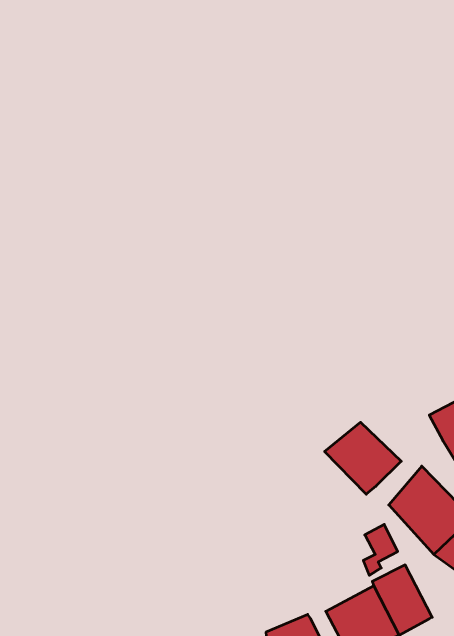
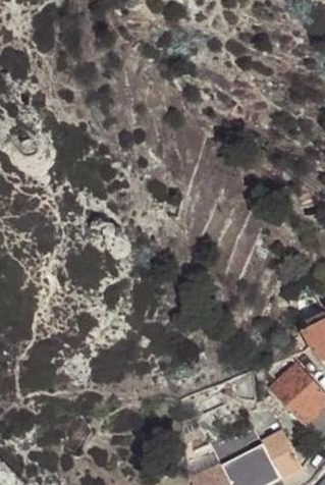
building: [325,422,401,494] -> none

